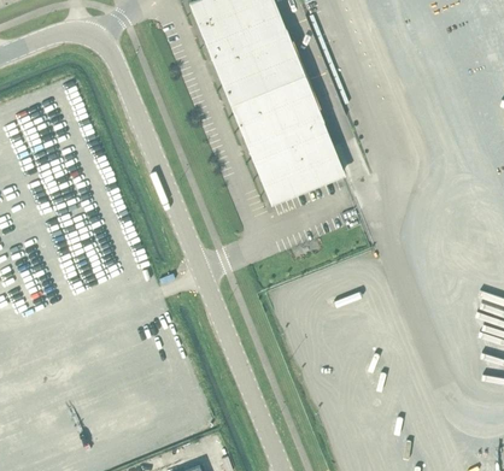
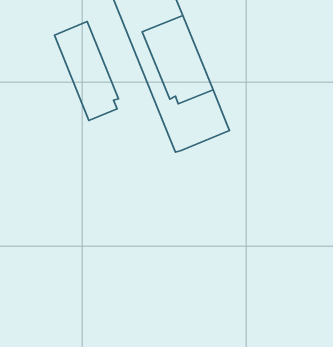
building: none -> [54,21,119,120]

